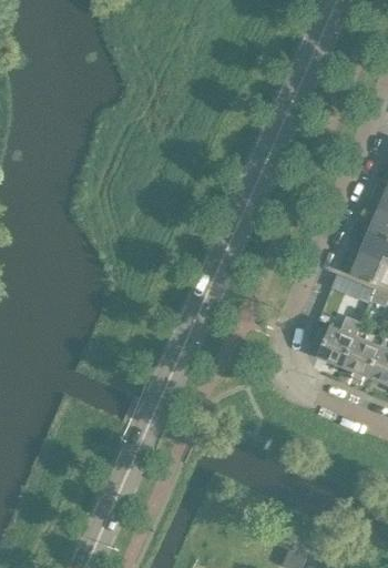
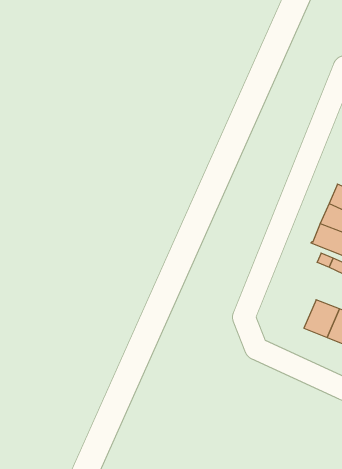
building: [317,316,361,366] -> none

